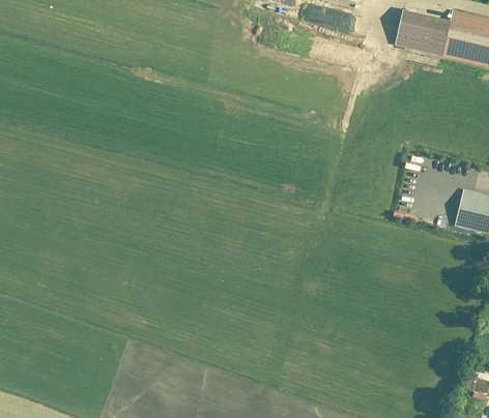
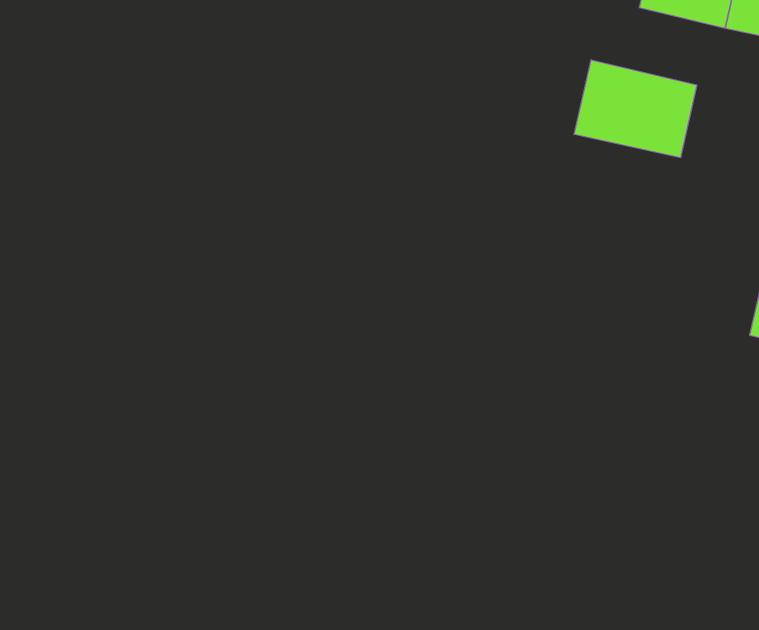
building: none -> [574,60,697,158]

